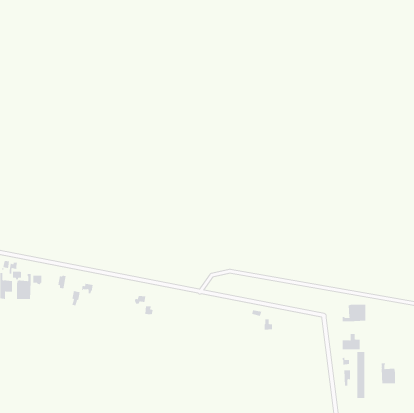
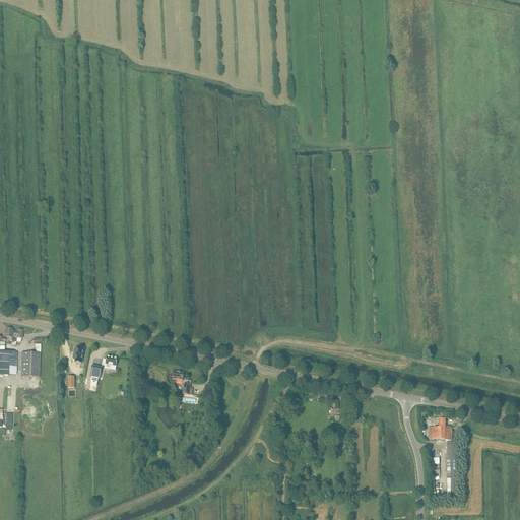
building: [342,304,366,322] -> none
building: [381,362,395,384] -> none

